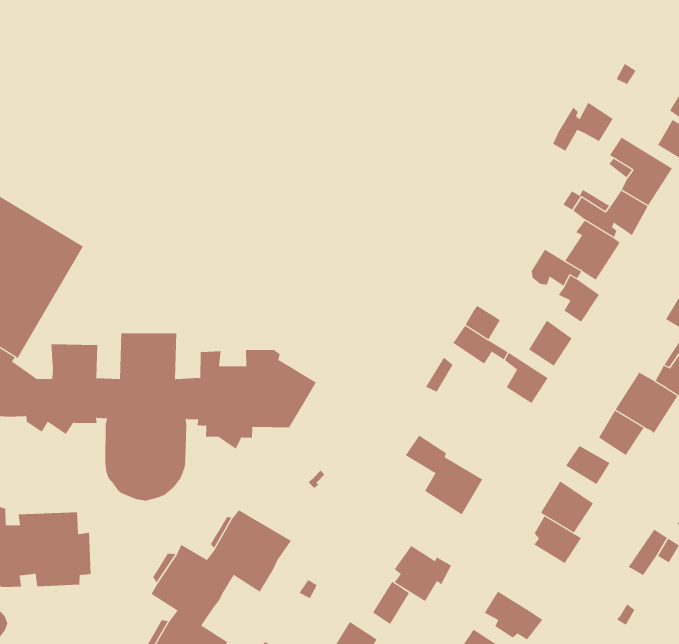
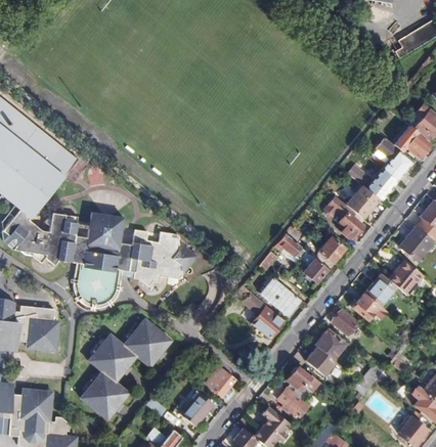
building: [553,102,614,152] -> none
building: none -> [261,277,300,315]
building: [394,545,452,602] -> [285,365,318,398]

